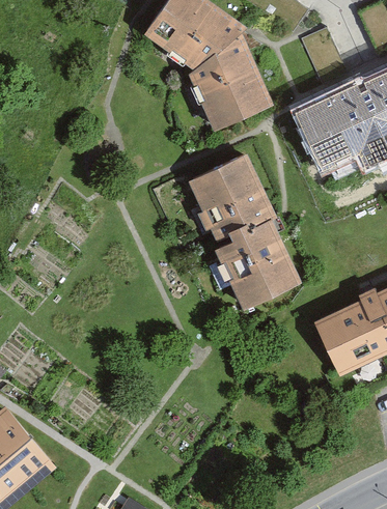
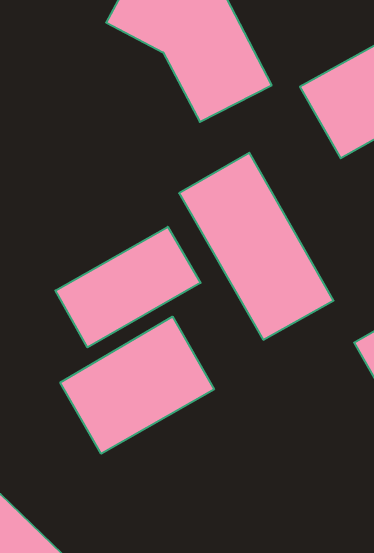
building: none -> [55,227,201,347]
building: none -> [60,317,214,454]

